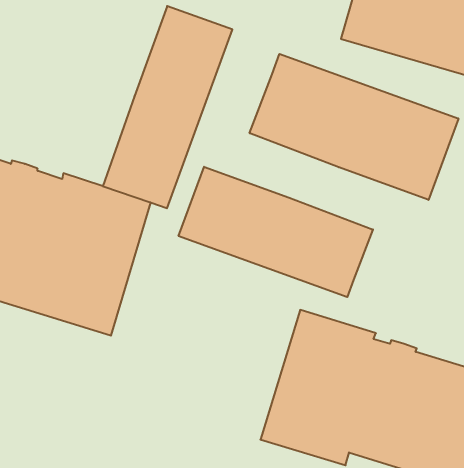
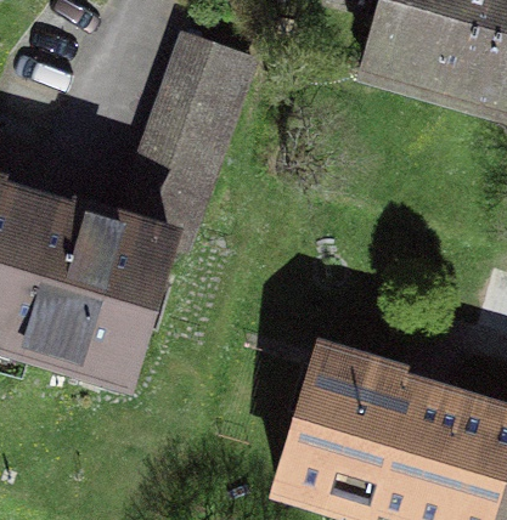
building: [250,54,458,200] -> none
building: [179,167,373,297] -> none

